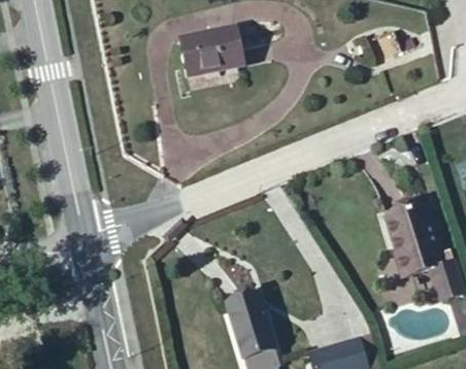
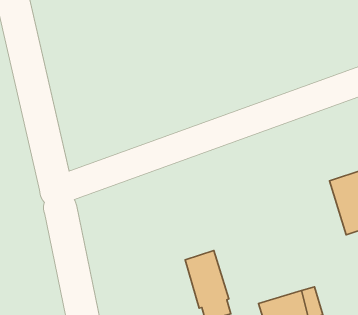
building: [179,25,244,75] -> none

